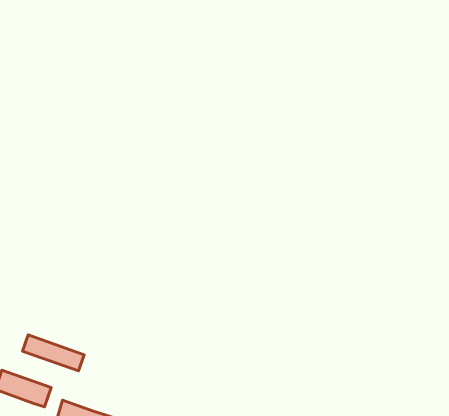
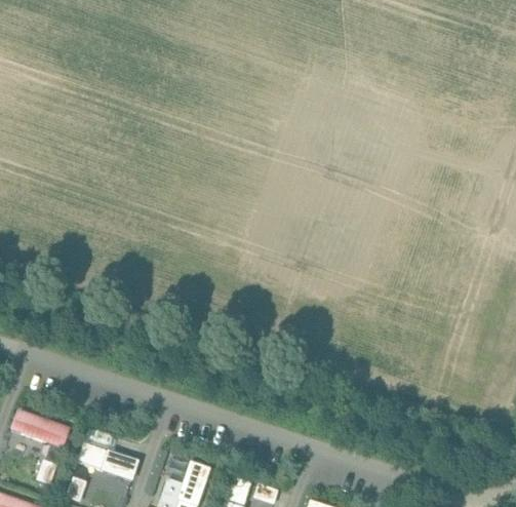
building: [22,335,84,371] -> none

